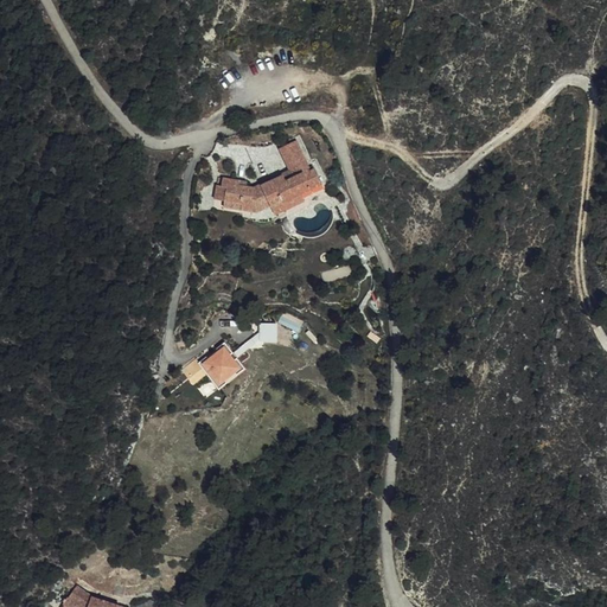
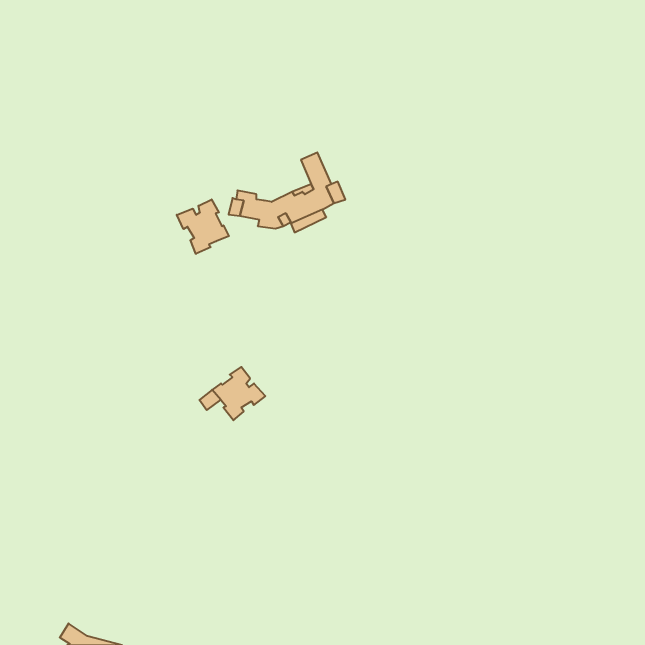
building: none -> [177,199,229,254]

